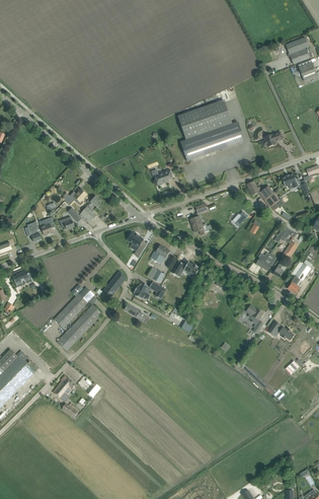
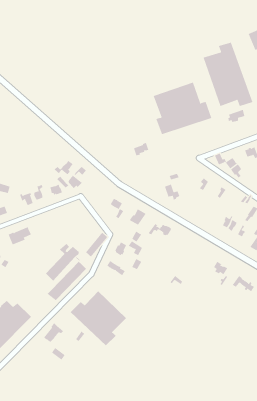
building: none -> [203,42,253,107]
building: none -> [70,290,127,346]

